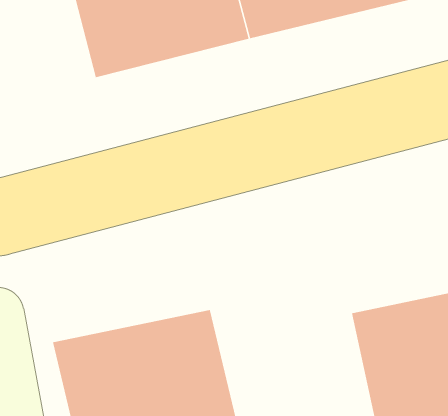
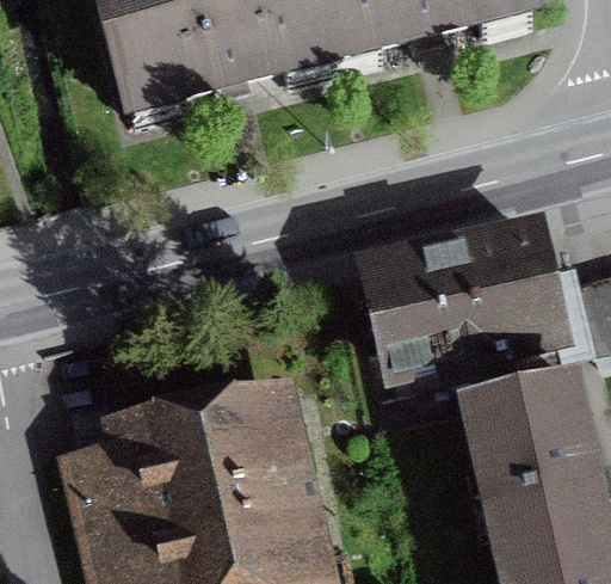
building: none -> [366,225,569,374]

